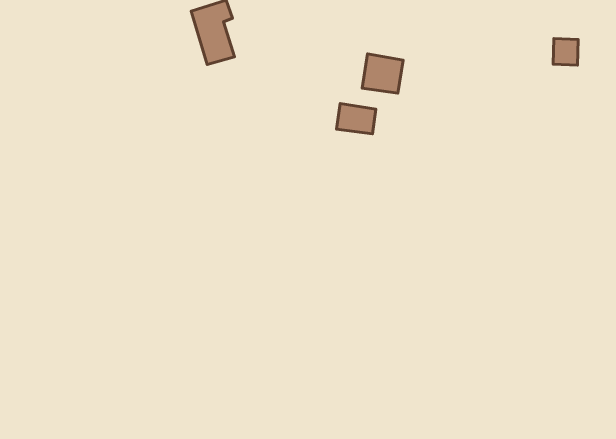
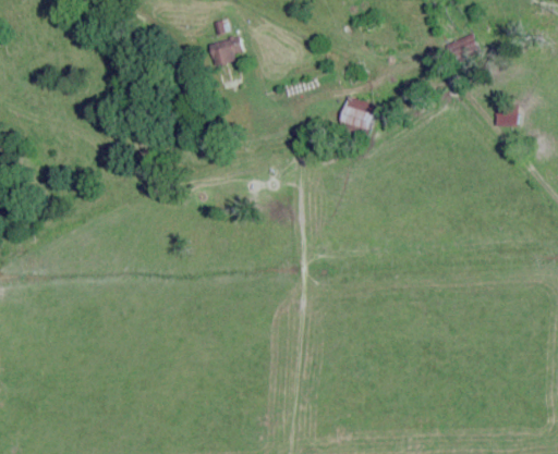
building: [336,103,376,134] -> none

